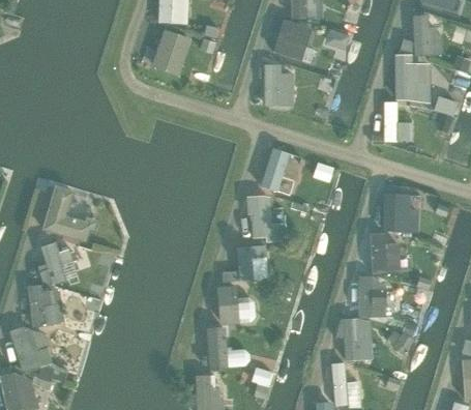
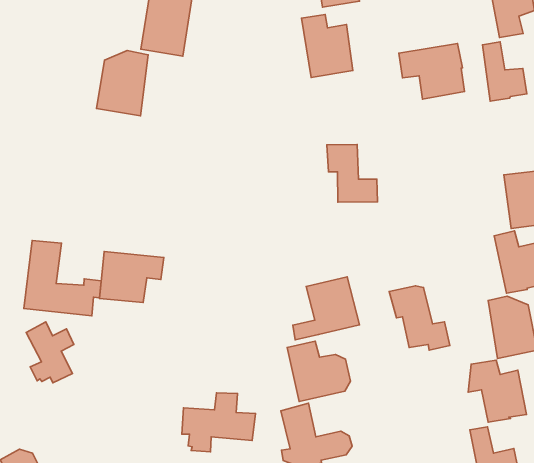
building: none -> [97,50,148,116]
building: none -> [399,43,464,99]
building: [245,195,281,240] -> [389,286,450,350]
building: none -> [99,252,164,303]
building: [27,284,60,325] -> none
building: none -> [182,393,255,452]

